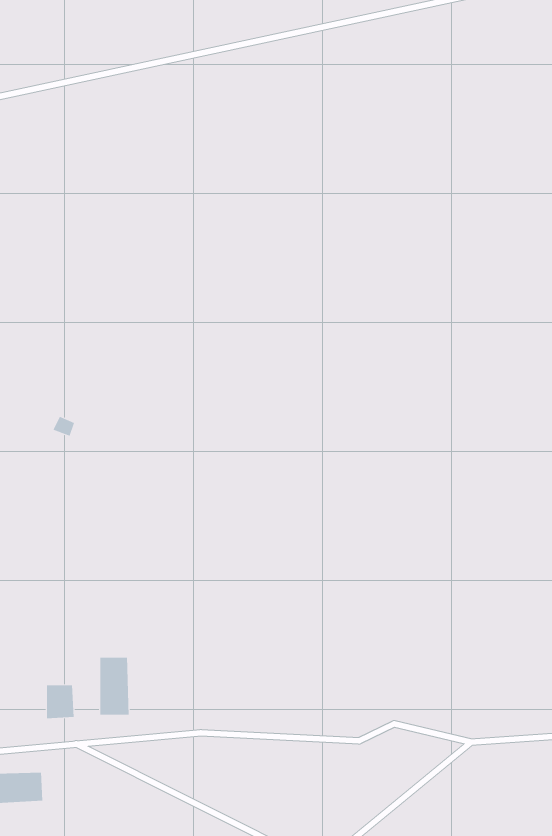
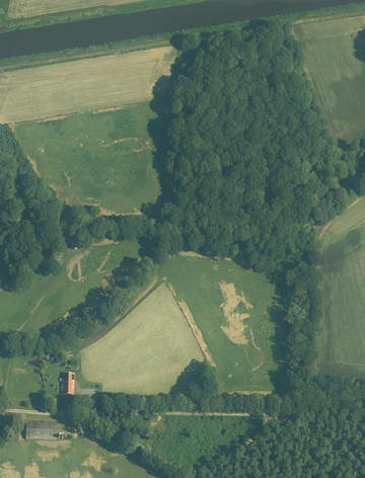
building: [100,657,129,715] -> none

